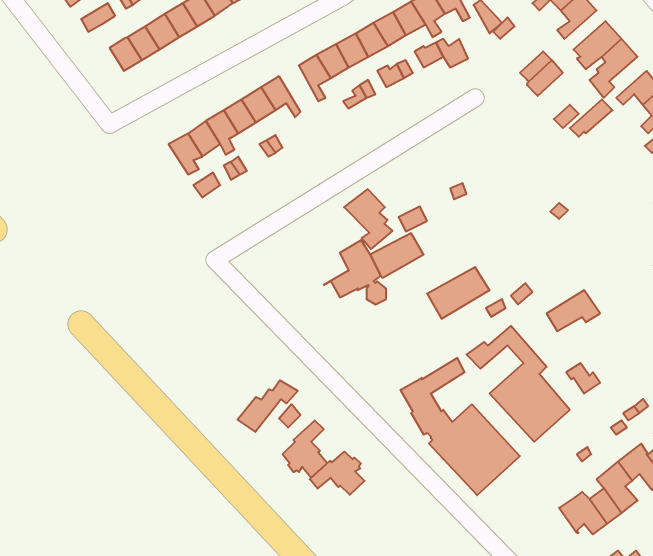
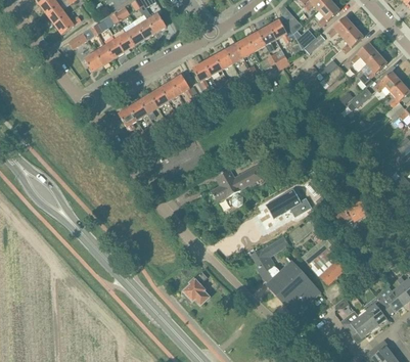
building: [344,189,392,249] -> none
building: [238,380,298,432] -> none
building: [310,452,365,495] -> none

